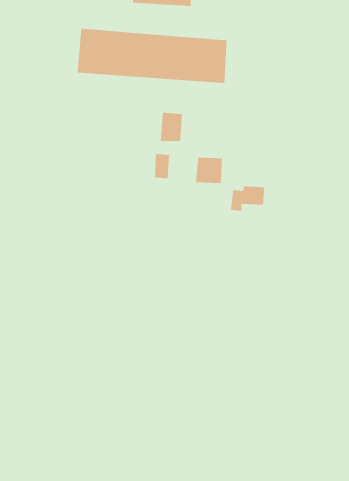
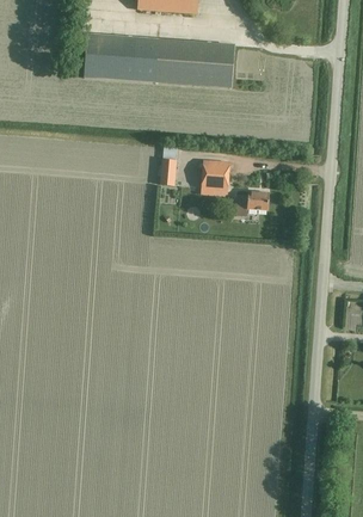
building: [160,112,183,142] -> none

